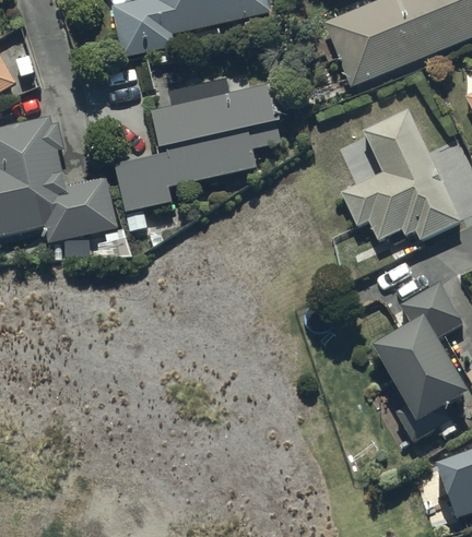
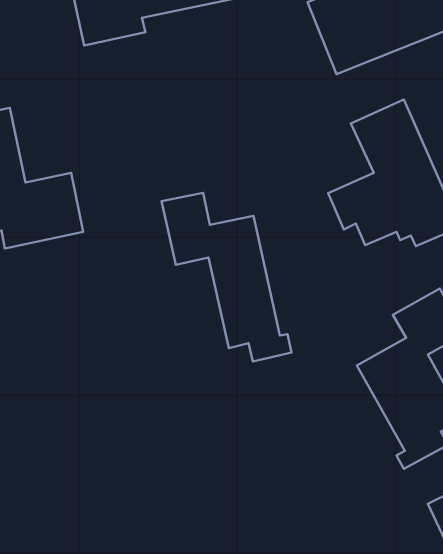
building: [113,79,282,213] -> none
building: none -> [162,193,292,361]

